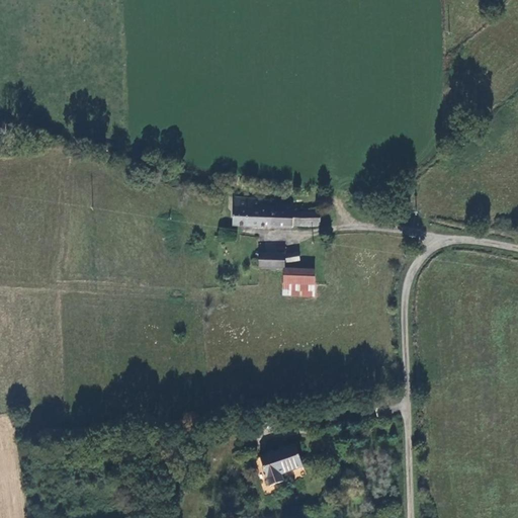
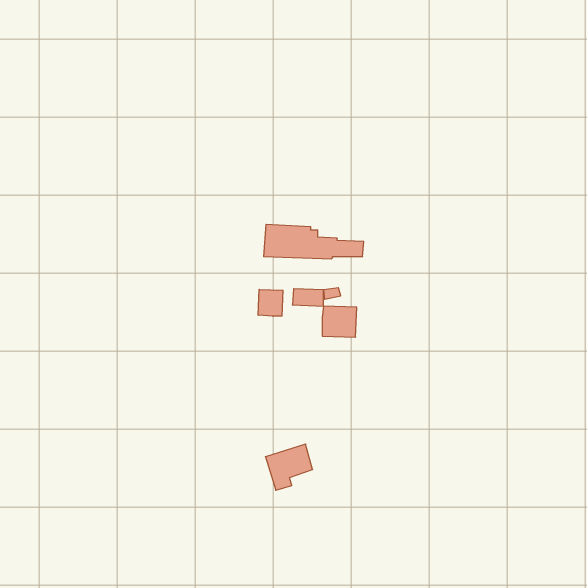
building: none -> [258,289,283,316]
building: [261,445,303,486] -> [265,444,313,490]

